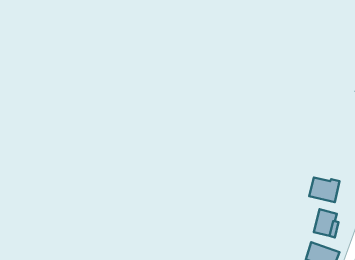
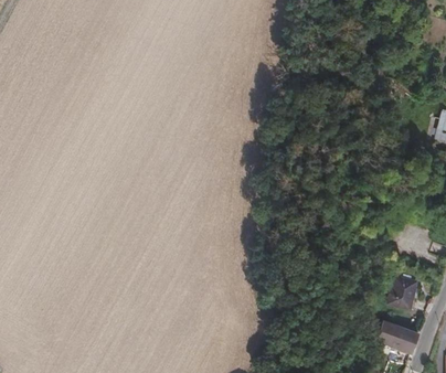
building: [309,177,339,202] -> none

